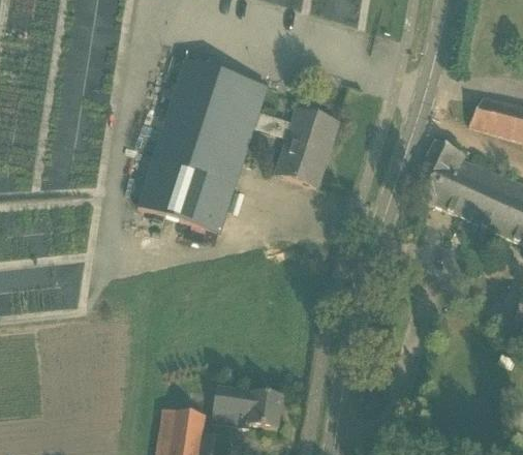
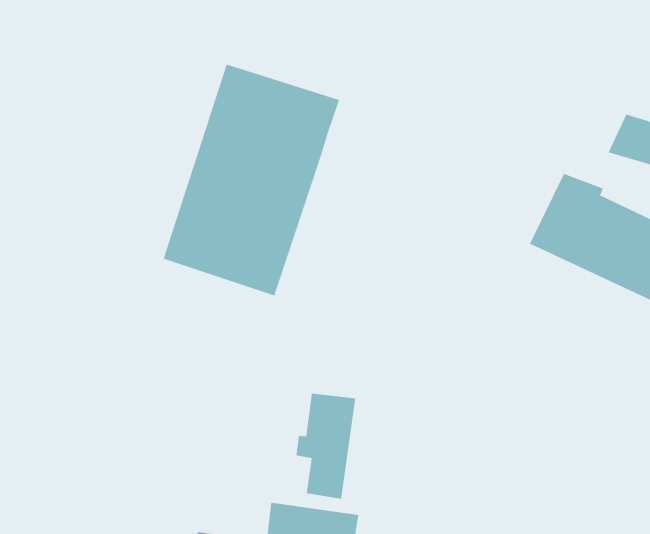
building: [256,108,339,185] -> none
building: none -> [296,393,356,500]

